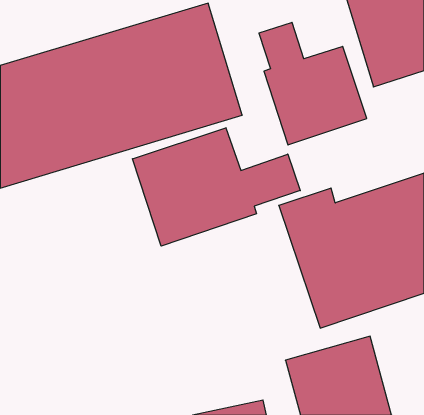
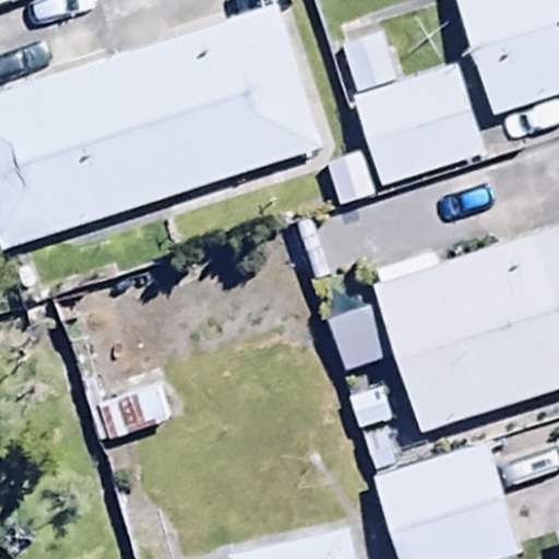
building: [132,128,300,246] -> none

